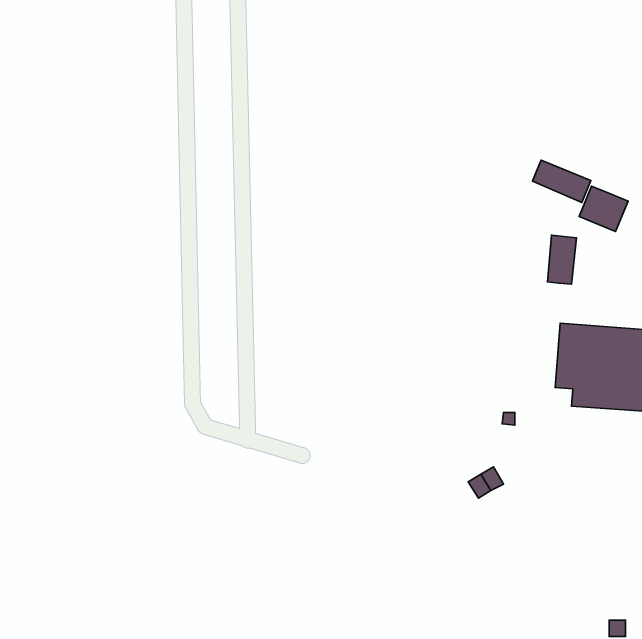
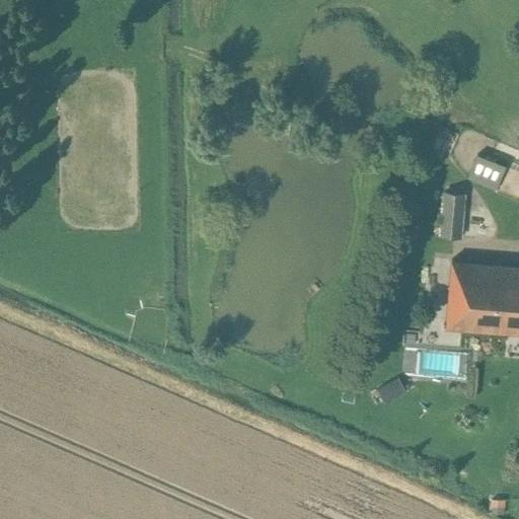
building: [532,160,591,203] -> none

